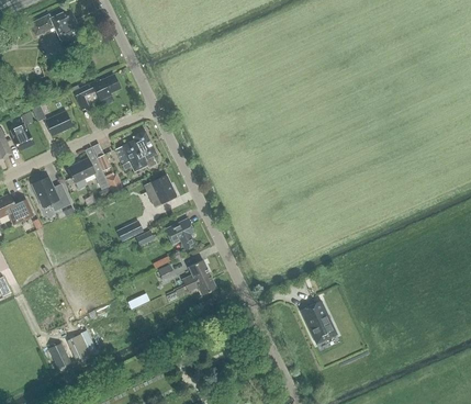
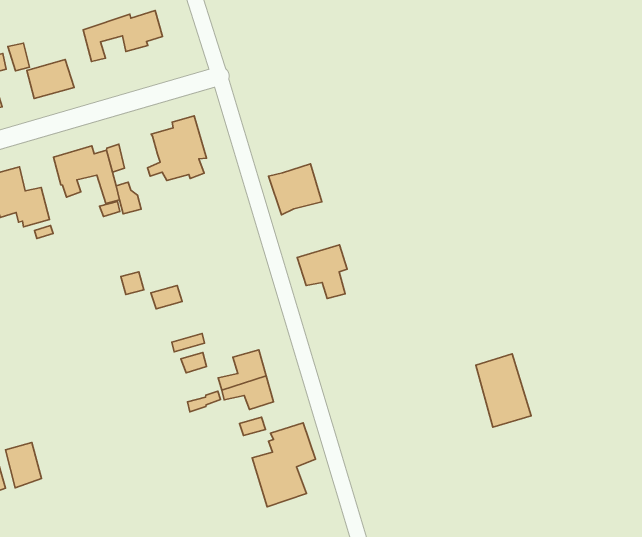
building: [143,176,176,207] -> [268,164,322,215]
building: [164,218,194,250] -> [297,245,347,299]
building: none -> [252,423,316,507]
building: [300,301,336,345] -> [476,354,531,427]

